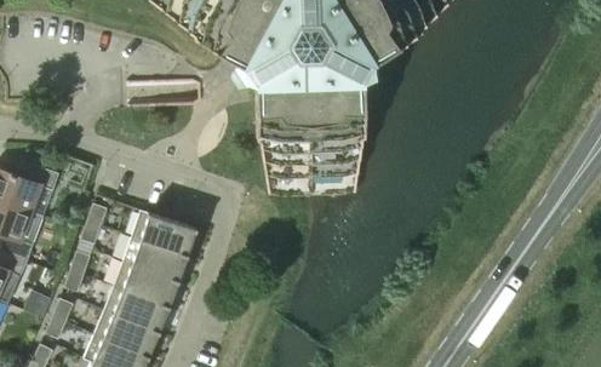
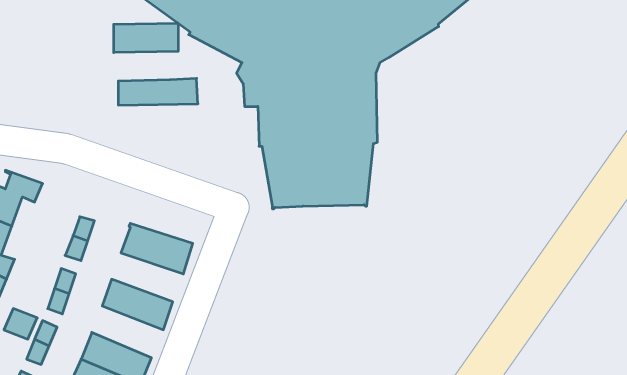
building: none -> [114,23,178,53]
building: [122,237,188,282] -> none
building: [104,286,170,333] -> none

